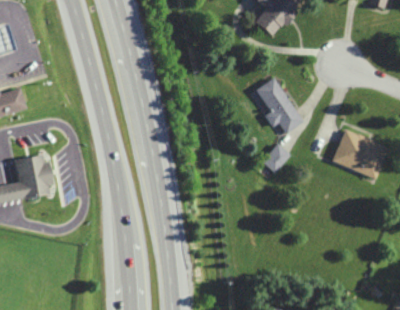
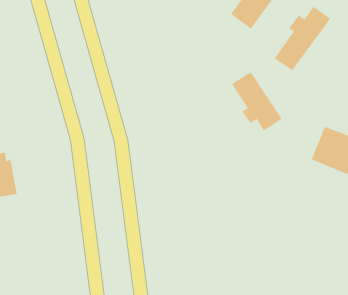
building: none -> [274,6,331,71]
building: [263,143,292,173] -> none

